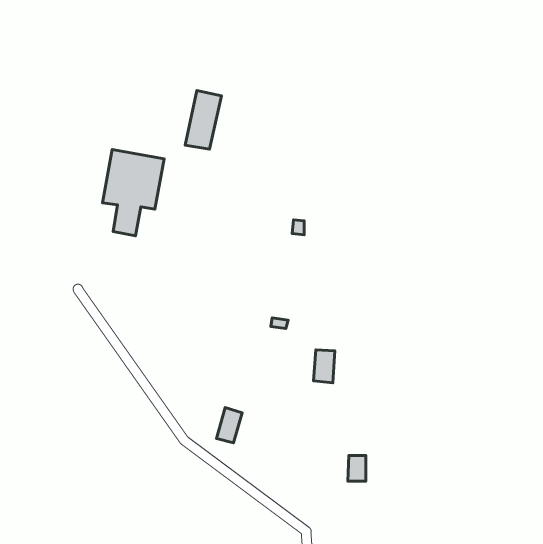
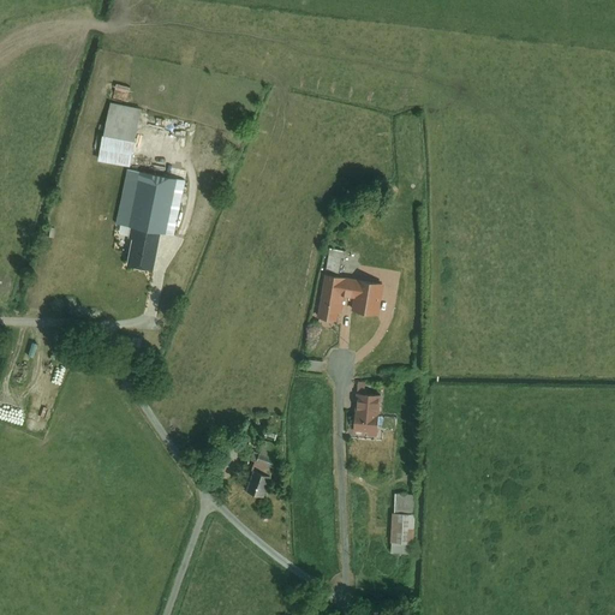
building: [185,91,221,149] -> [97,102,138,168]
building: none -> [315,276,344,322]
building: none -> [352,282,381,316]

